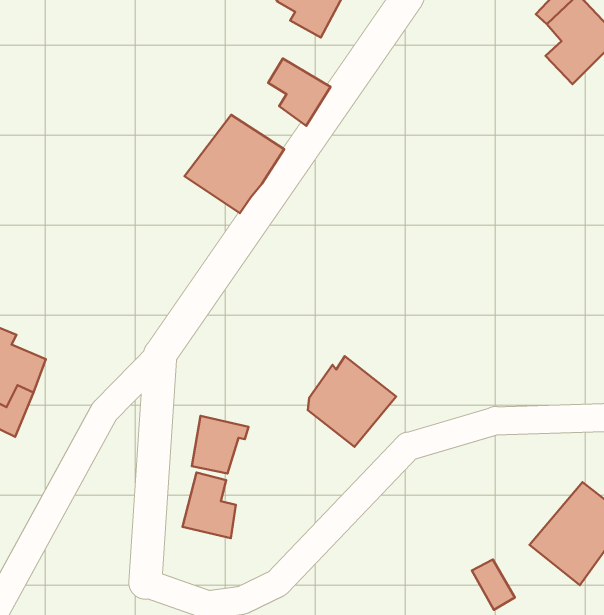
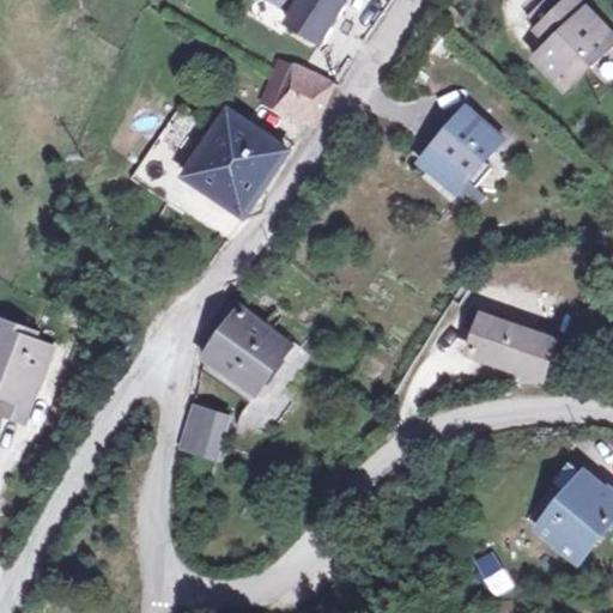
building: none -> [421,107,500,187]
building: none -> [477,327,557,380]
building: [308,356,396,447] -> [211,309,297,397]
building: [182,473,236,538] -> none

